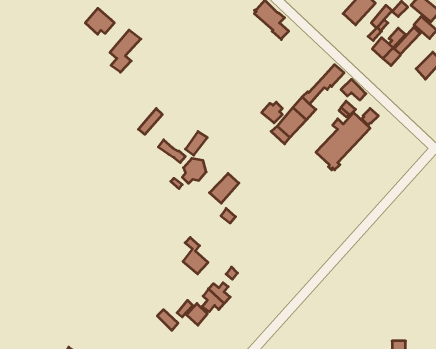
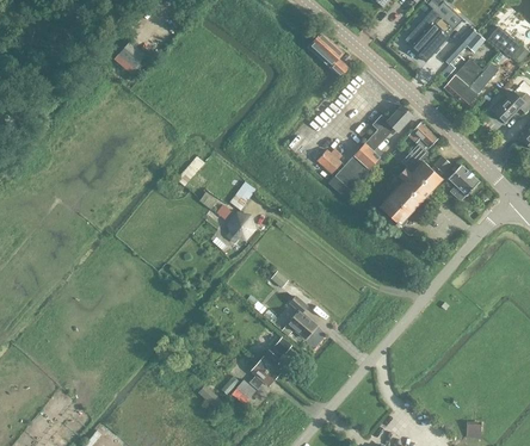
building: [110,30,141,72] -> none
building: none -> [448,165,480,200]
building: [209,173,239,203] -> none
building: [183,237,208,274] -> [288,297,316,339]

